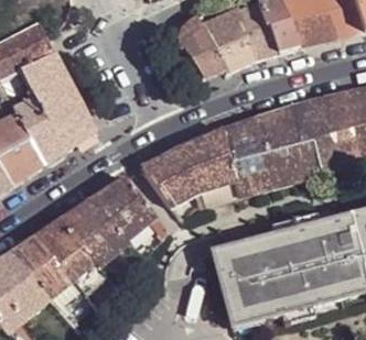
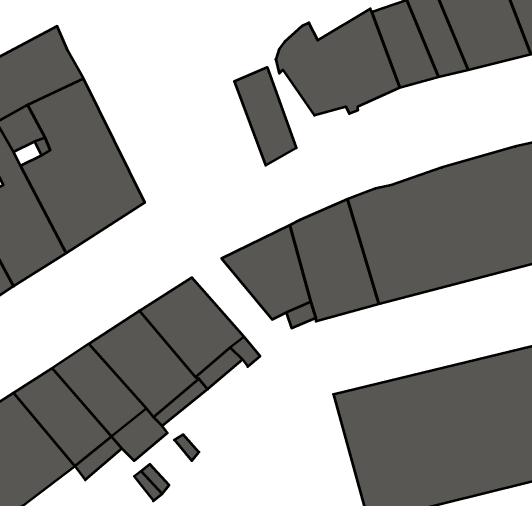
building: none -> [234,67,296,165]

